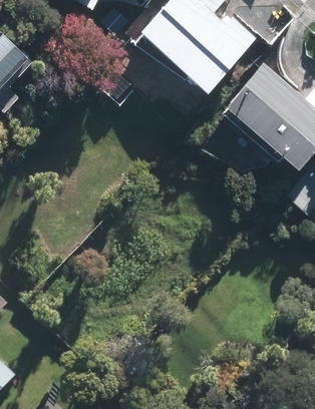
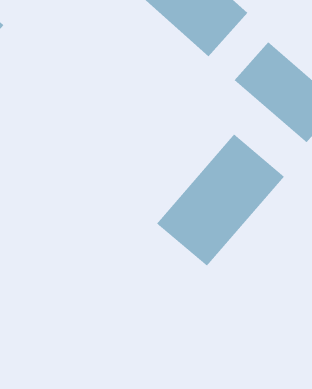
building: none -> [156,134,285,267]

